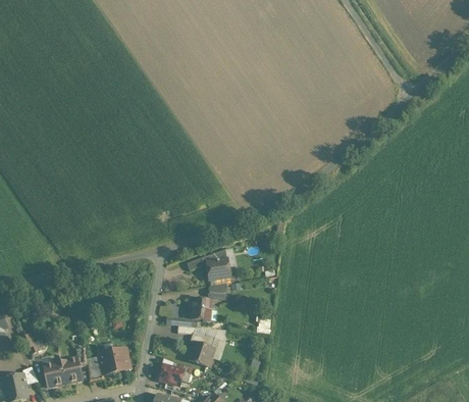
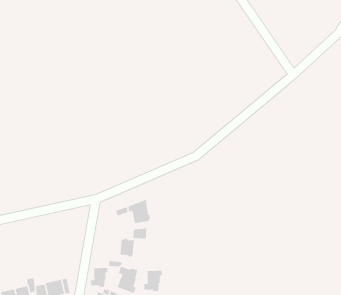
building: none -> [91,267,108,287]
building: none -> [144,270,162,292]

